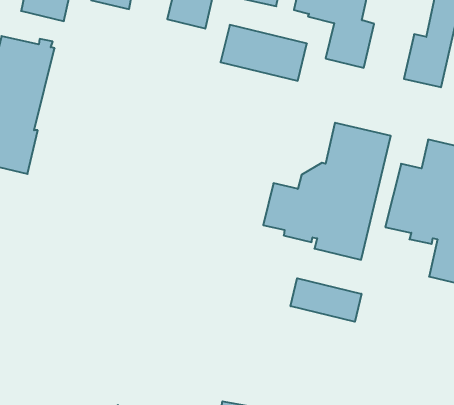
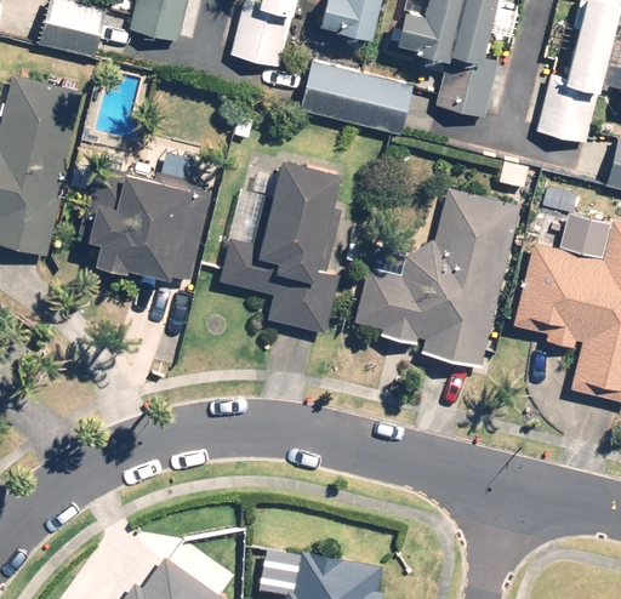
building: none -> [203,158,341,333]
building: none -> [78,165,212,281]
building: [291,278,361,322] -> none

